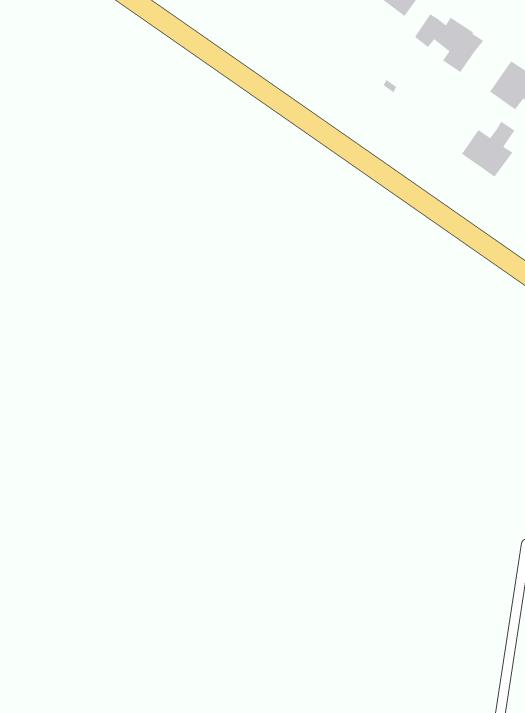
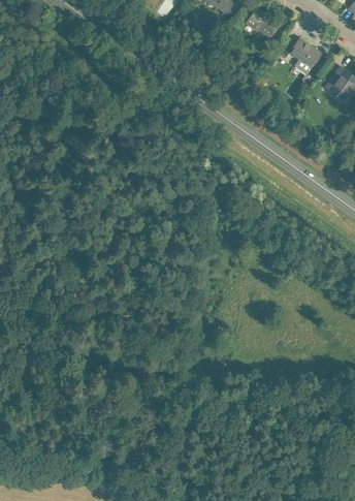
building: [461,121,515,177] -> none

